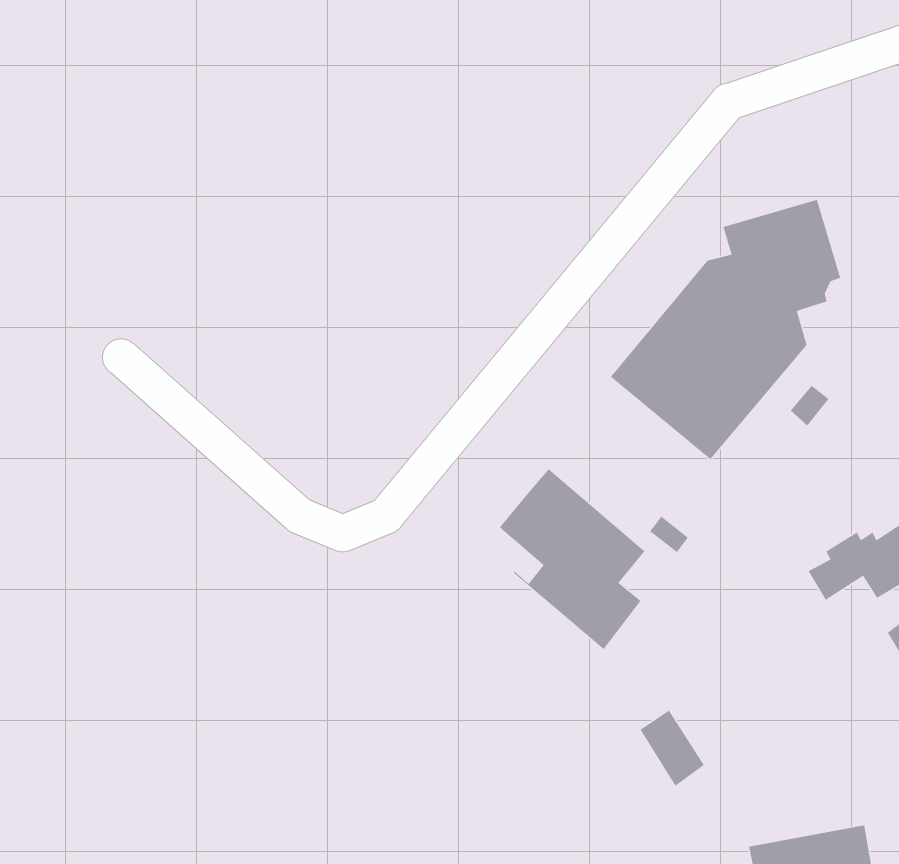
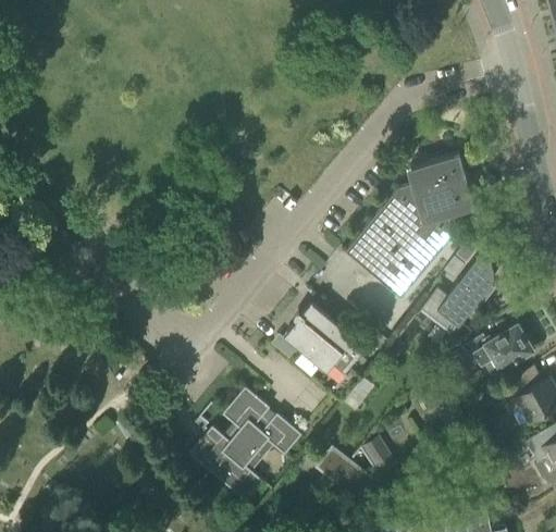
building: none -> [421,246,495,335]
building: none -> [190,386,301,500]
building: none -> [320,447,373,498]

